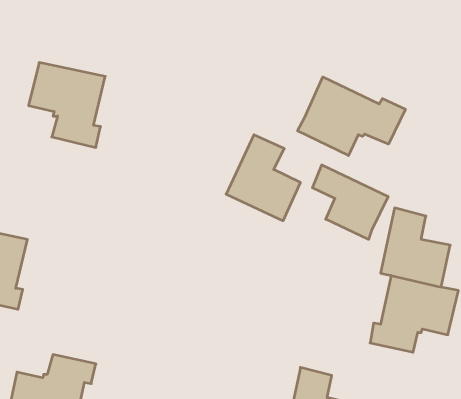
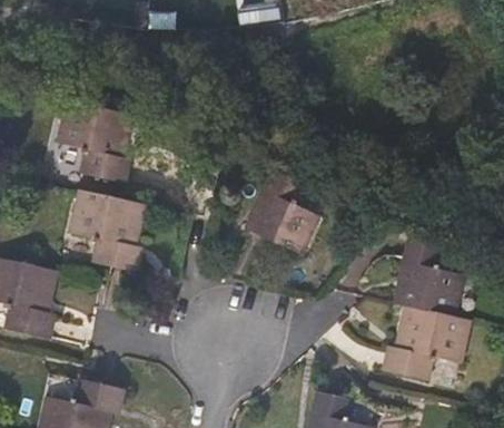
building: [298,77,405,156] -> none
building: none -> [71,188,145,271]
building: [312,165,388,239] -> none

